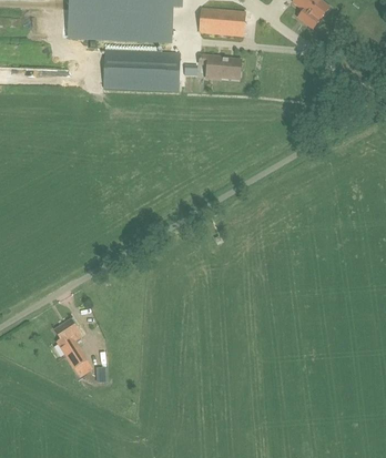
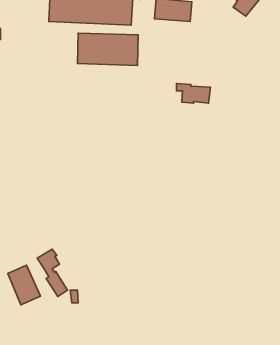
building: [199,54,241,79] -> [176,84,210,103]
building: none -> [8,265,41,305]

